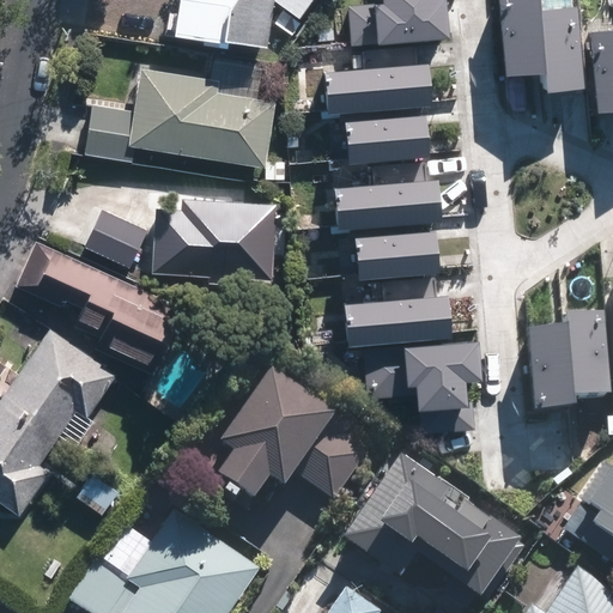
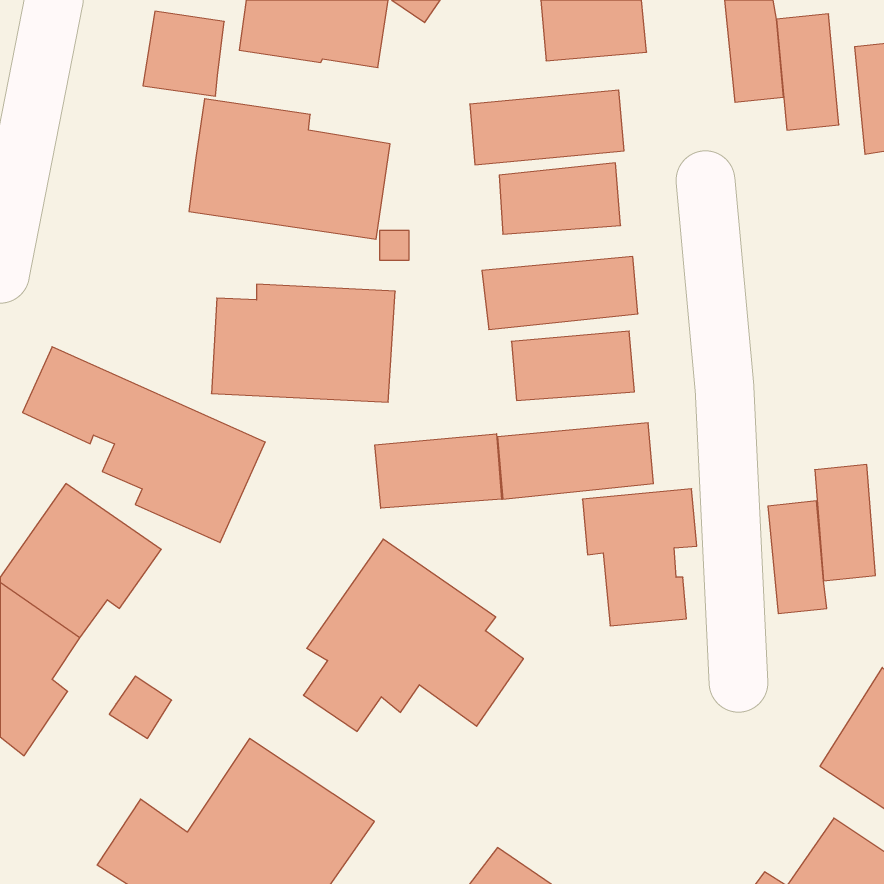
building: [80,103,136,162] -> [143,11,224,96]
building: [81,208,146,268] -> none
building: none -> [375,434,501,508]
building: [340,453,527,603] -> none

